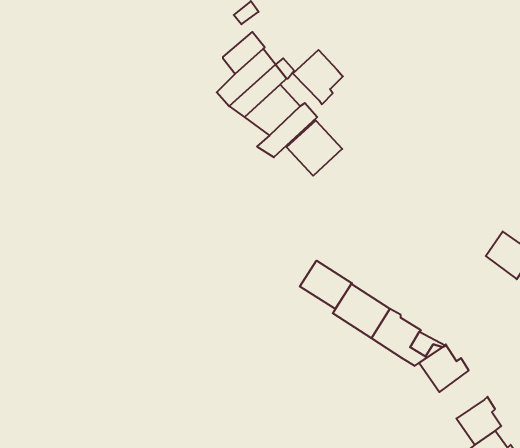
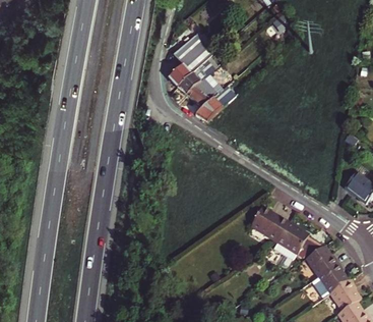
building: [293,50,343,104] -> none
building: [287,120,342,176] -> none
building: [300,261,352,309] -> none
building: none -> [310,262,347,298]

